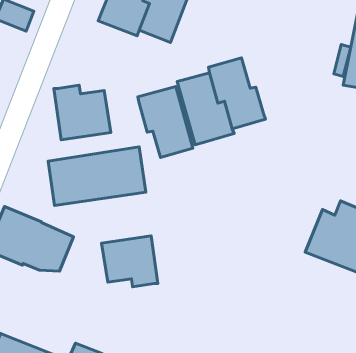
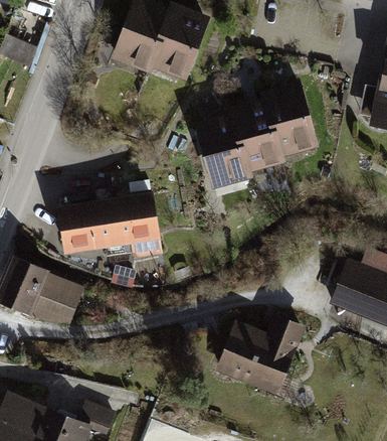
building: [54,85,111,140] -> none
building: [138,87,193,158] -> [261,82,320,157]
building: [102,236,158,287] -> none
building: none -> [216,314,306,396]

